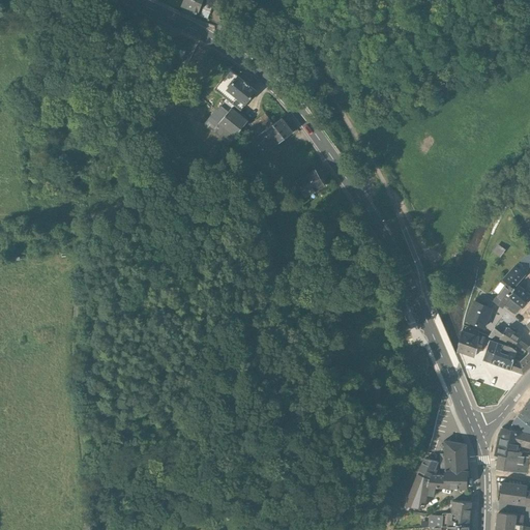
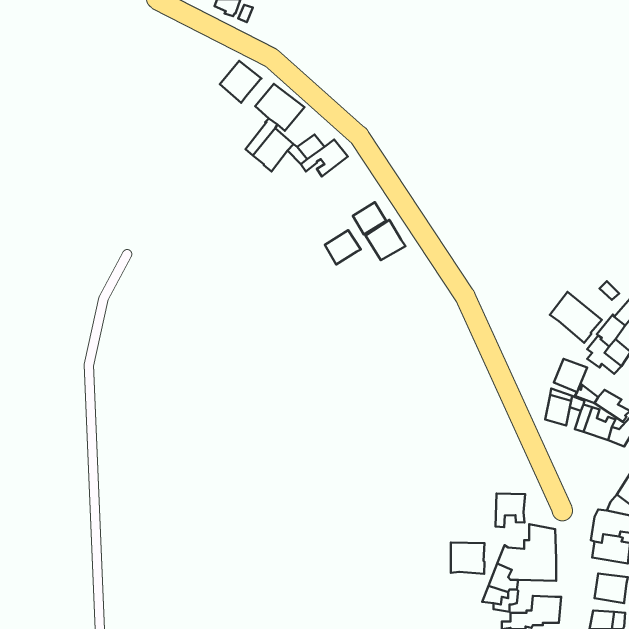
building: none -> [220,61,261,103]
building: none -> [366,220,405,260]
building: none -> [325,230,361,265]
building: none -> [550,292,602,343]
building: none -> [495,494,525,527]
building: none -> [451,542,485,574]

